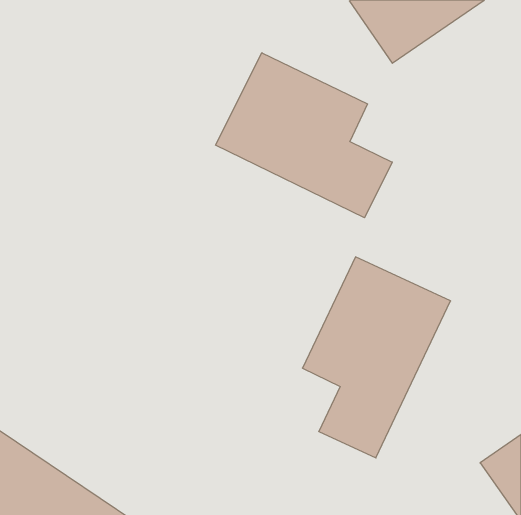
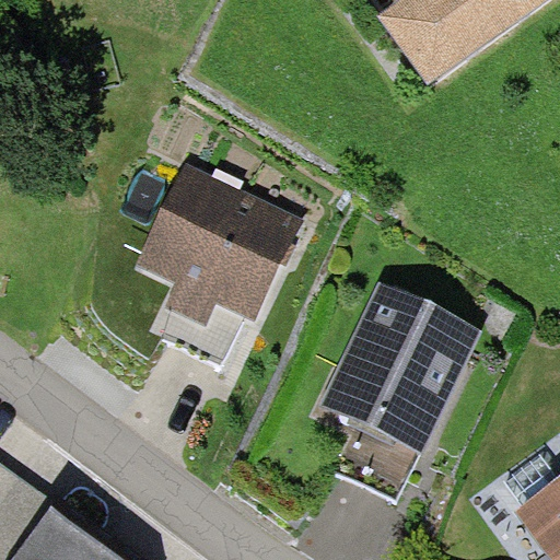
building: [216,53,392,218] -> none
building: none -> [138,164,301,320]

